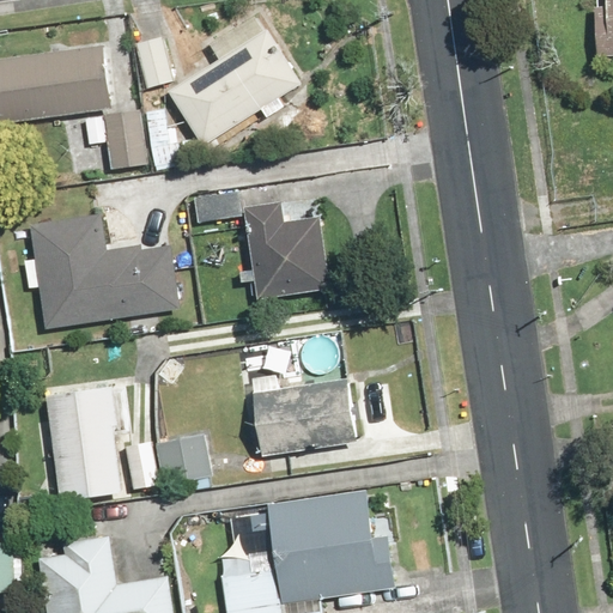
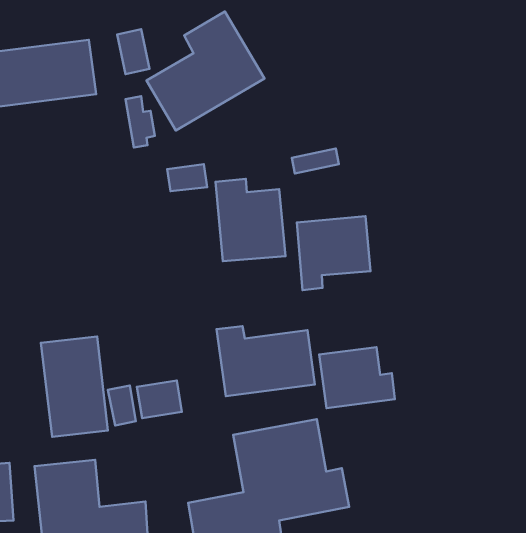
building: [101,113,147,168] -> none
building: [35,218,183,327] -> none
building: none -> [297,216,370,290]
building: none -> [319,347,395,408]

